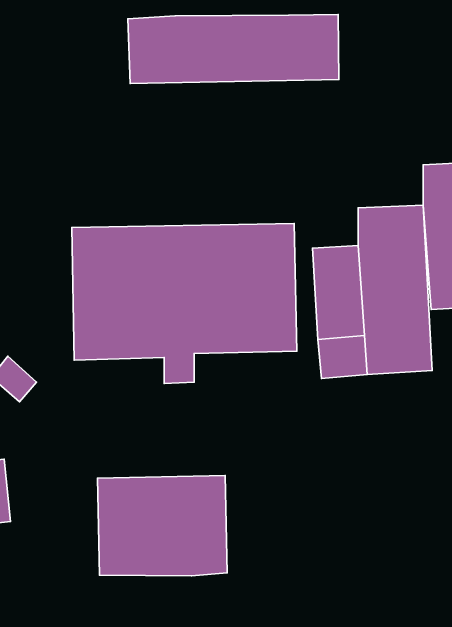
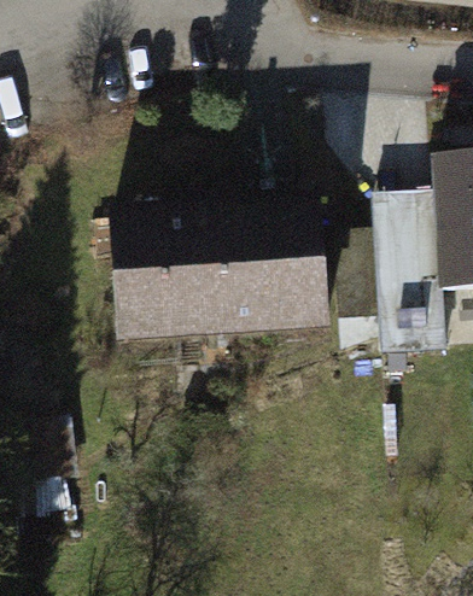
building: [128,15,339,83] -> none
building: [98,476,227,576] -> none

